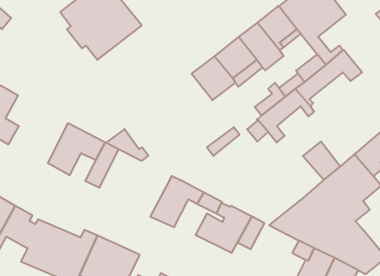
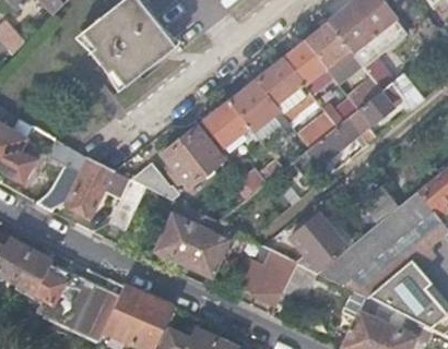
building: none -> [205,100,251,149]
building: none -> [164,128,225,188]
building: none -> [36,140,90,209]
building: none -> [296,208,357,268]
building: none -> [155,214,202,263]

